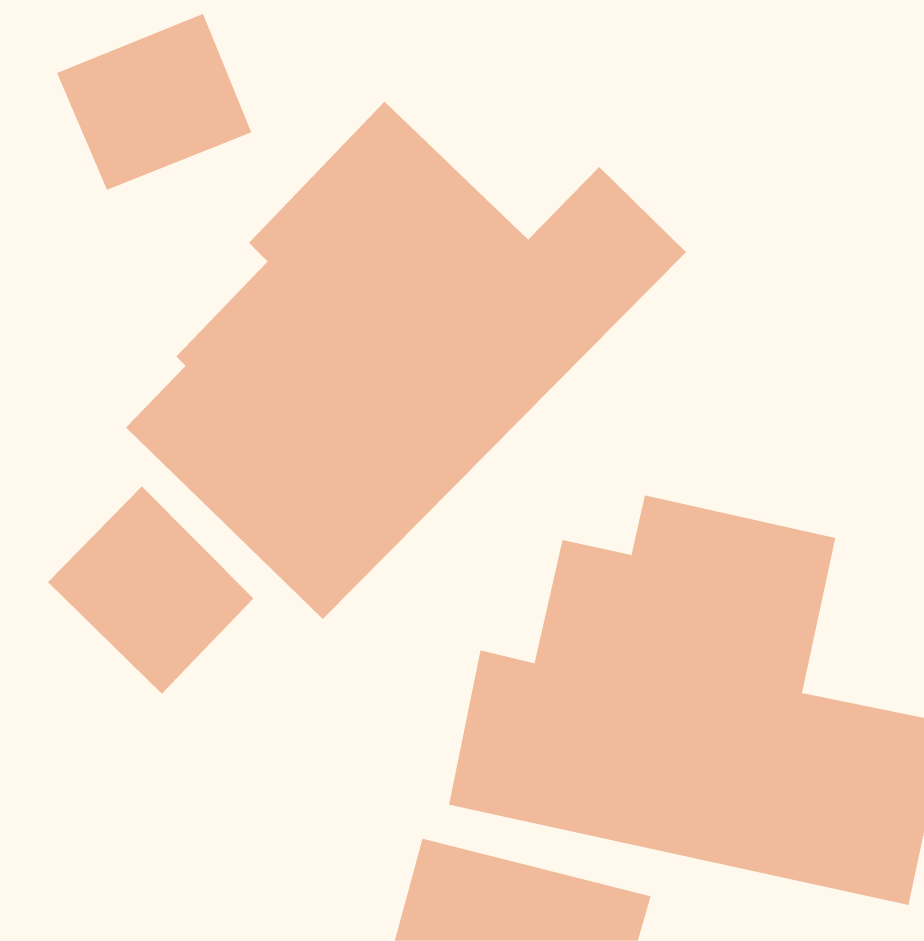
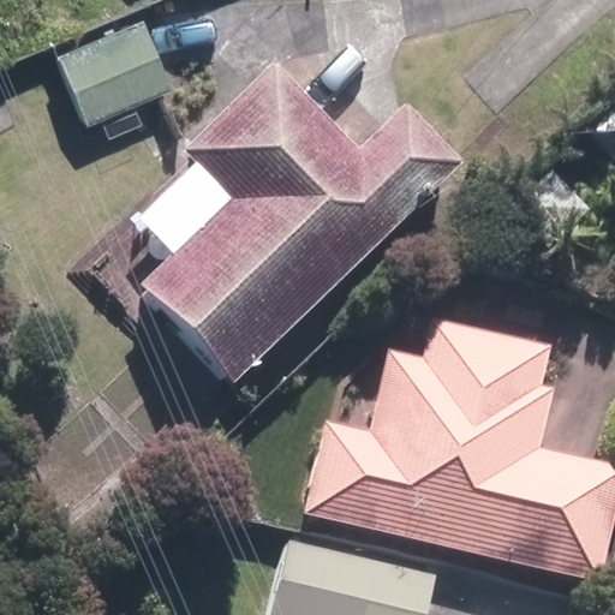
building: [47,486,254,694] -> none

